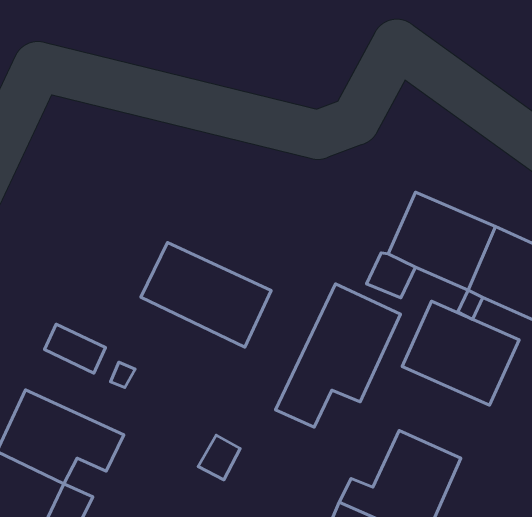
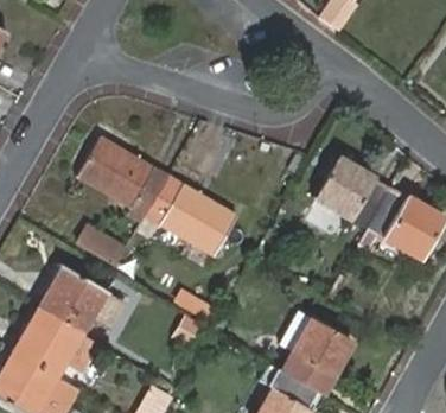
building: none -> [78,139,167,214]
building: [275,284,400,427] -> none
building: [402,301,519,405] -> none

